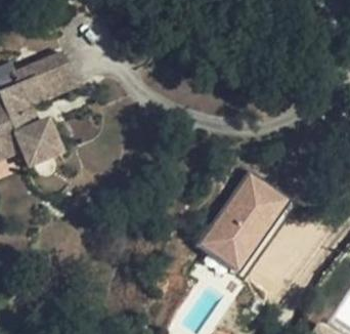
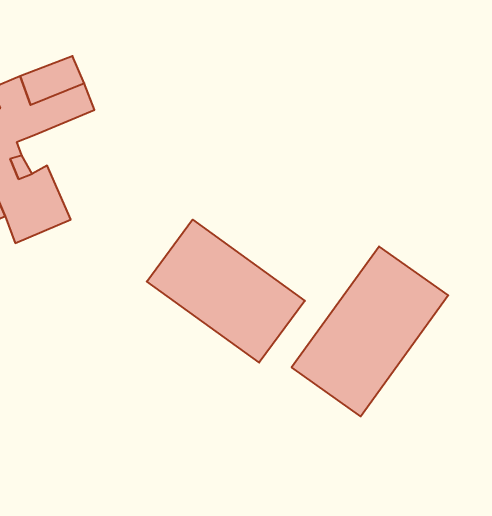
building: none -> [147,220,305,363]

